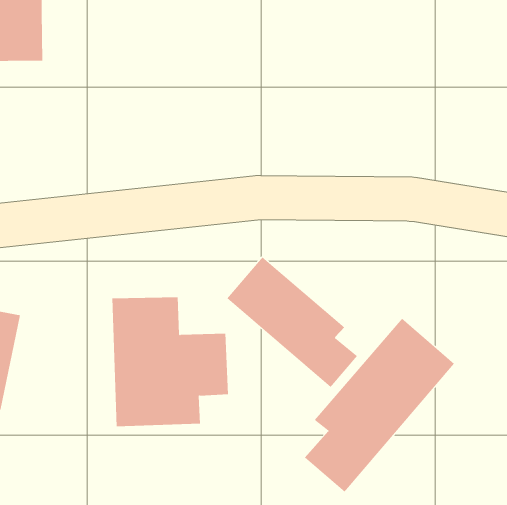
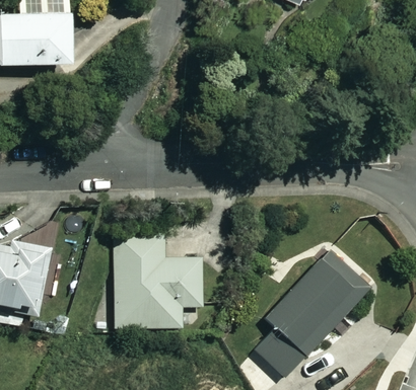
building: [227,256,358,388] -> none

